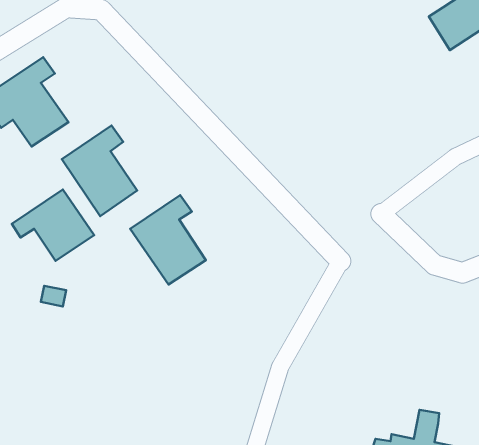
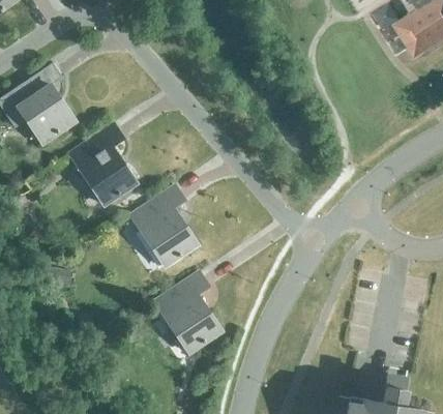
building: [12,189,94,261] -> none
building: none -> [153,272,220,353]

